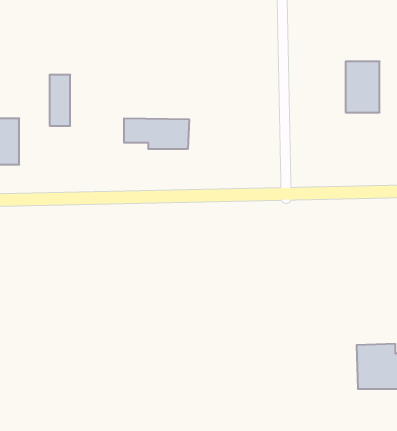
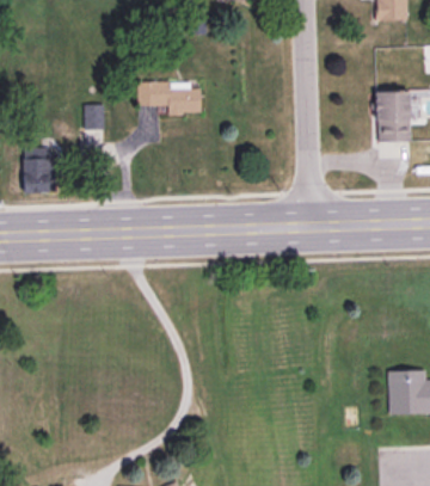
building: [124,118,189,149] -> [139,82,203,112]

